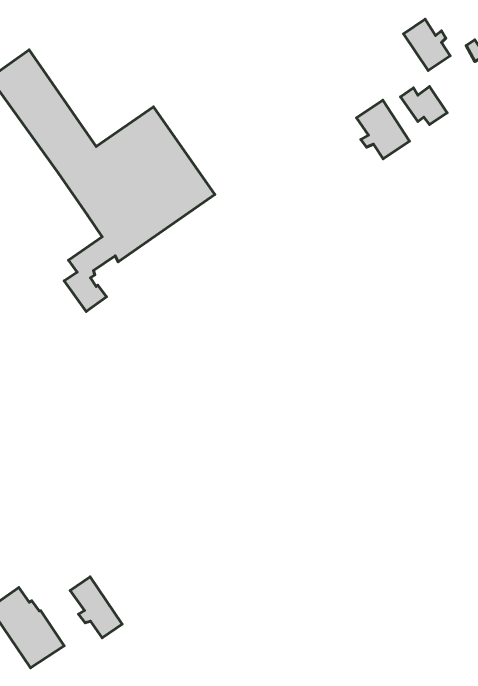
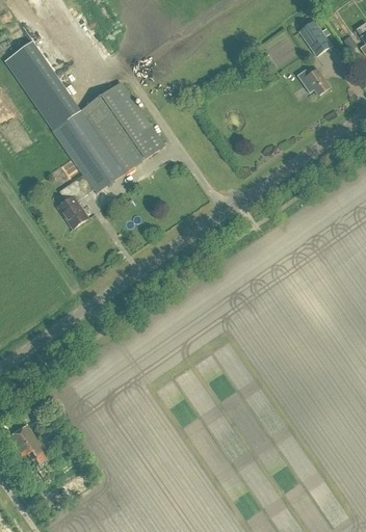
building: [356,100,410,159] -> none
building: [70,577,122,638] -> none

